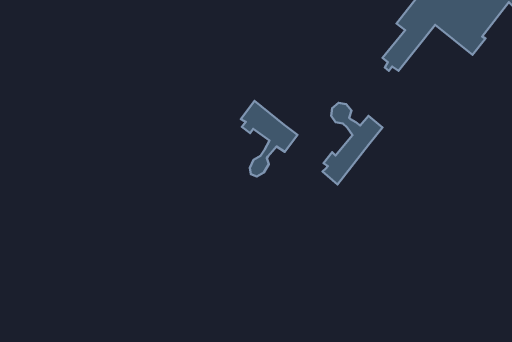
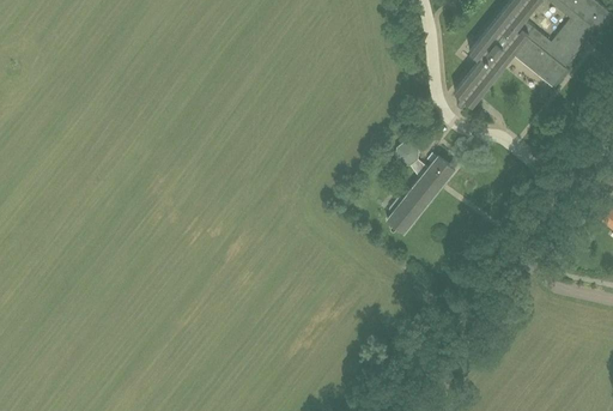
building: [241,101,298,177] -> none

